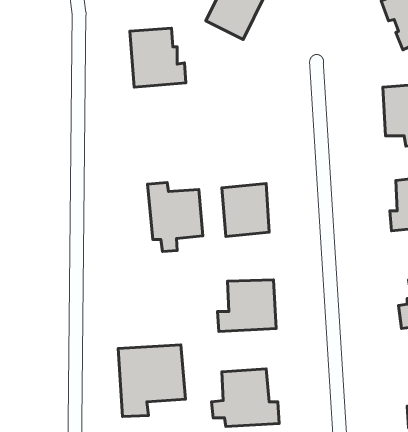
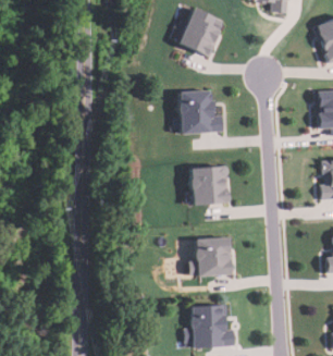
building: [130,28,186,87] -> [178,89,221,134]
building: [147,183,203,251] -> none
building: [118,345,186,416] -> none

